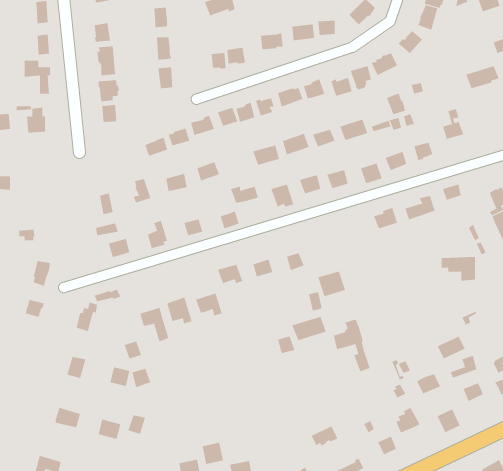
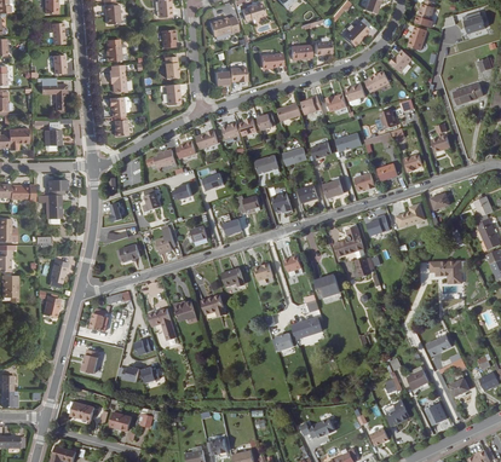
building: none -> [38,179,67,224]
building: [333,319,370,372] -> [334,226,369,276]

